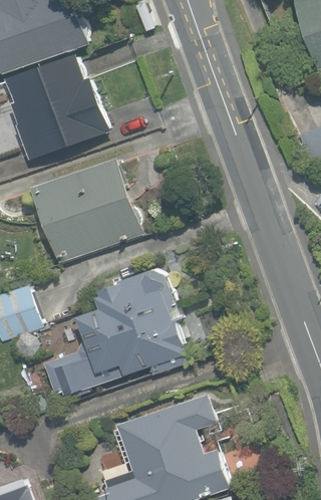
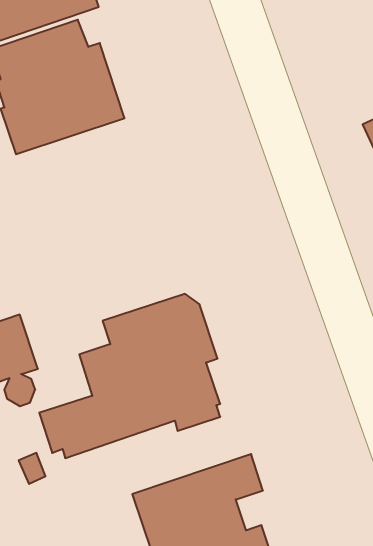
building: [34,157,144,261] -> none

